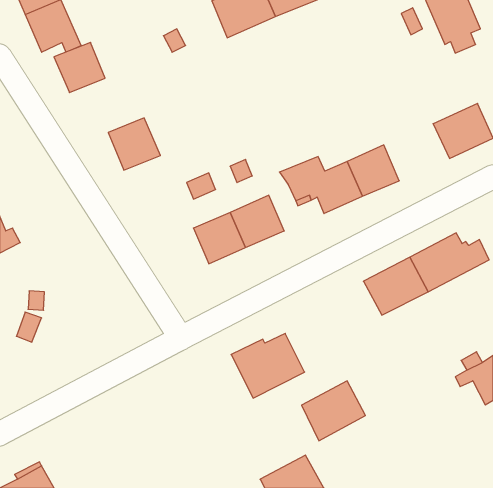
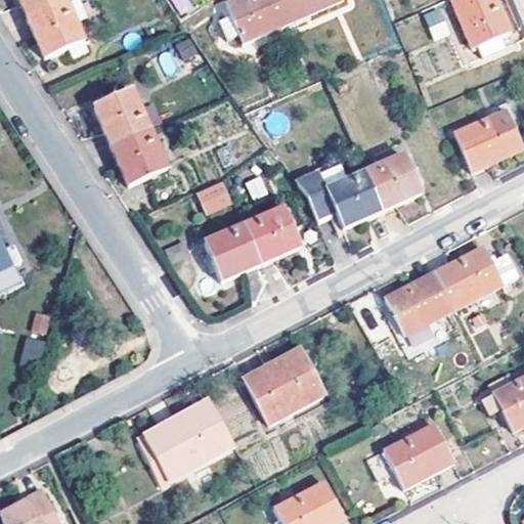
building: [54,42,105,93] -> [98,87,152,140]
building: none -> [138,399,233,483]
building: [302,381,365,441] -> [386,424,453,487]

